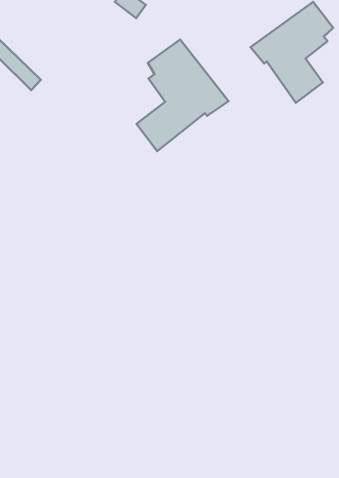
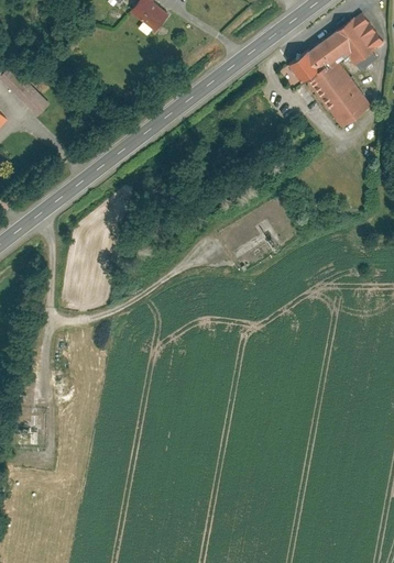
building: [137,39,228,151] -> none

